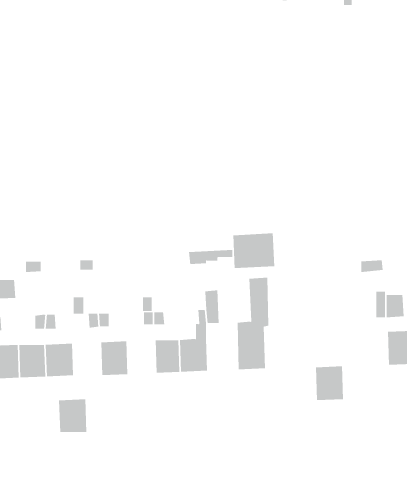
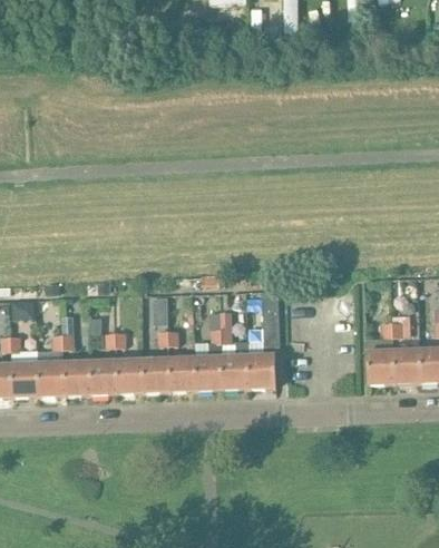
building: [233,233,275,269] -> none
building: none -> [220,341,250,388]
building: none -> [143,358,170,391]
building: [315,366,344,401] -> [367,350,394,383]
building: [58,399,87,432] -> [90,360,118,392]

